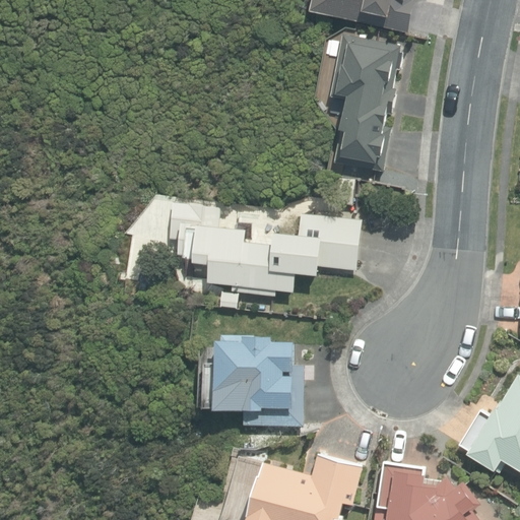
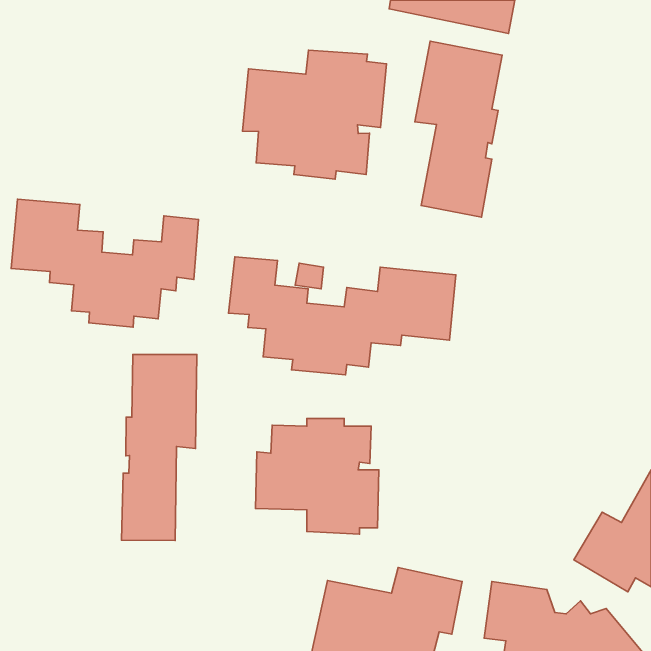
building: none -> [243,50,387,179]
building: none -> [11,199,199,327]
building: none -> [122,354,197,541]

